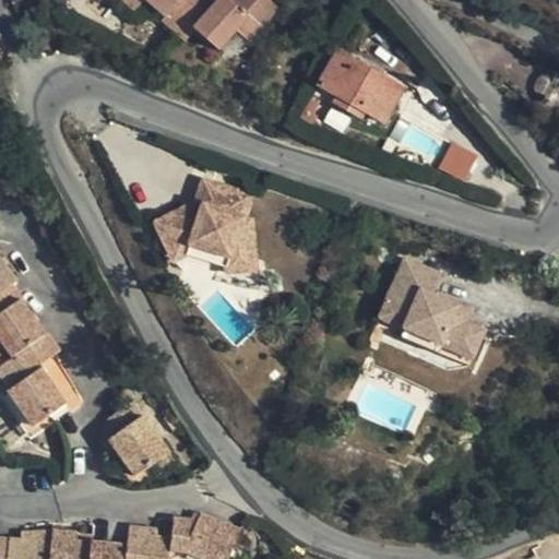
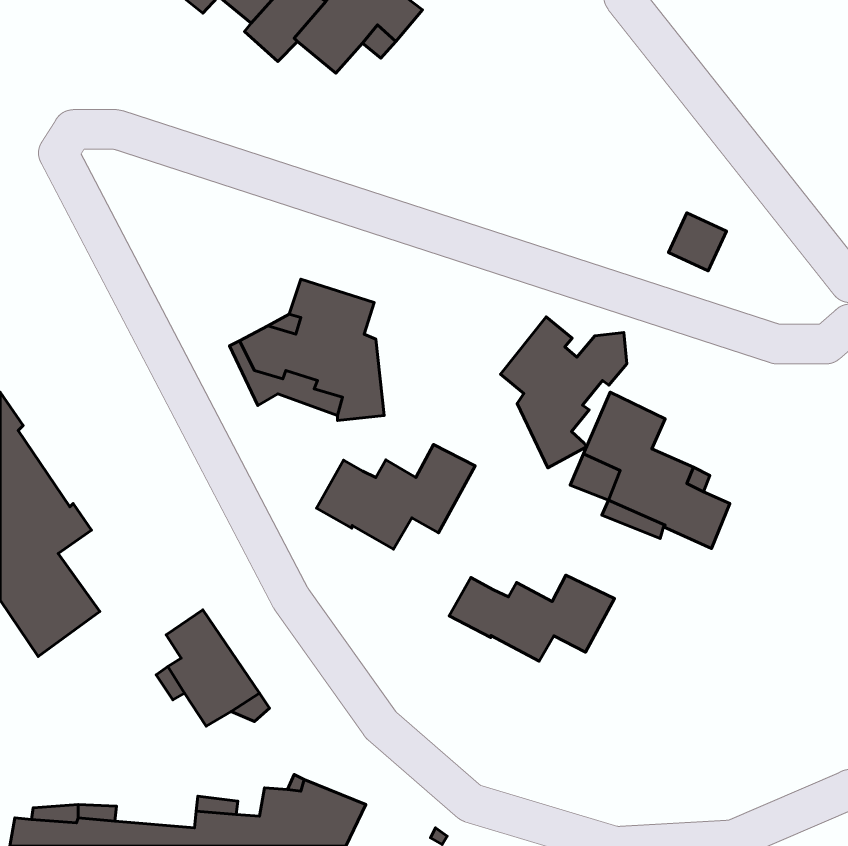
building: [320,50,405,120] -> none
building: none -> [501,317,627,468]
building: none -> [316,445,475,549]
building: none -> [449,575,614,661]

